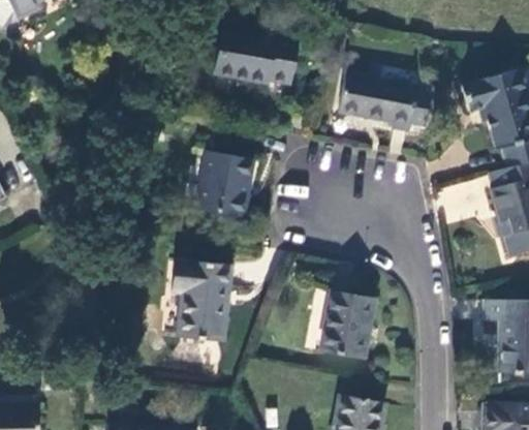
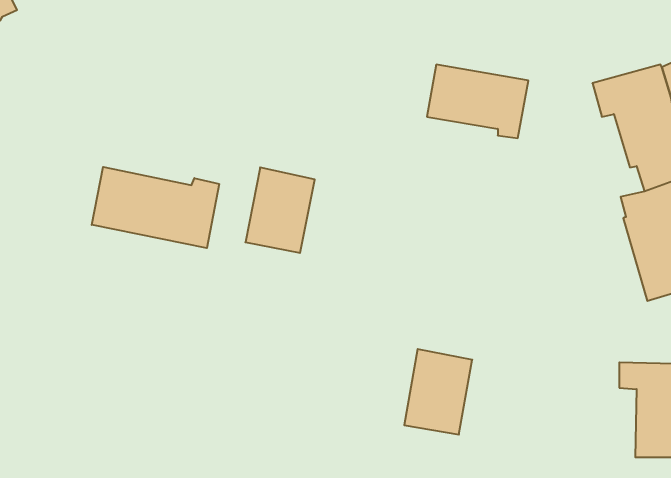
building: [214,31,294,86] -> none
building: none -> [92,167,219,248]
building: [172,259,230,342] -> none

